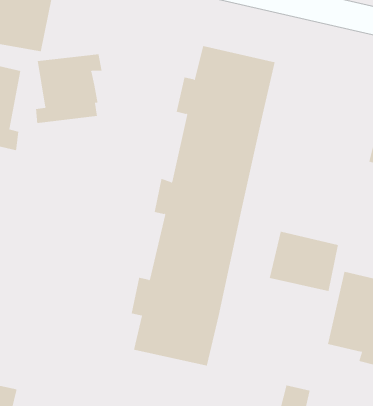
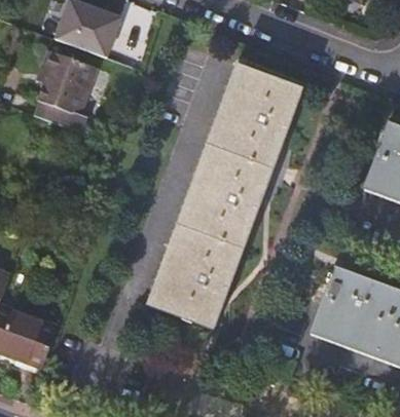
building: [35,54,102,124] -> none
building: [269,231,339,292] -> none

